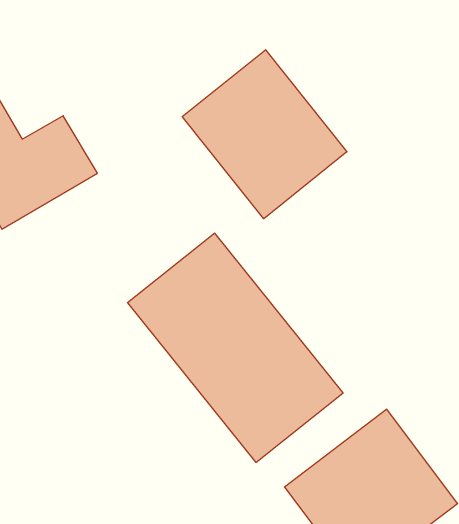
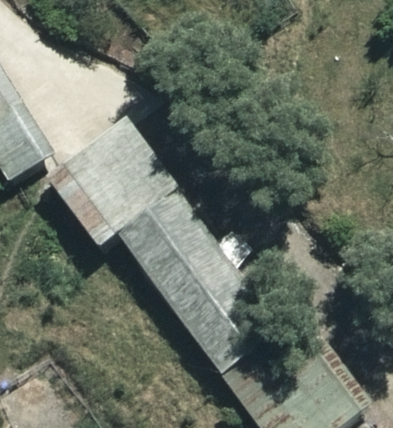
building: [182,50,347,219] -> none
building: none -> [46,119,178,249]

